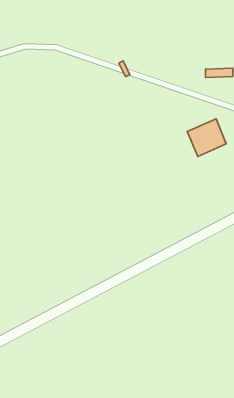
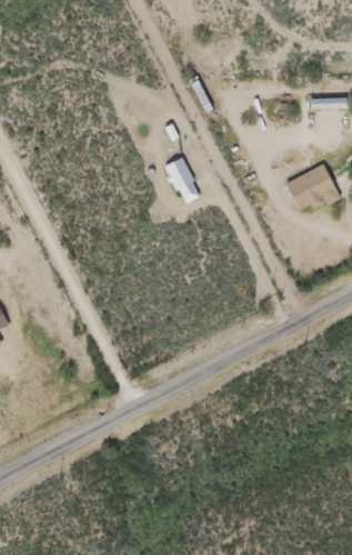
building: none -> [163,156,201,204]

